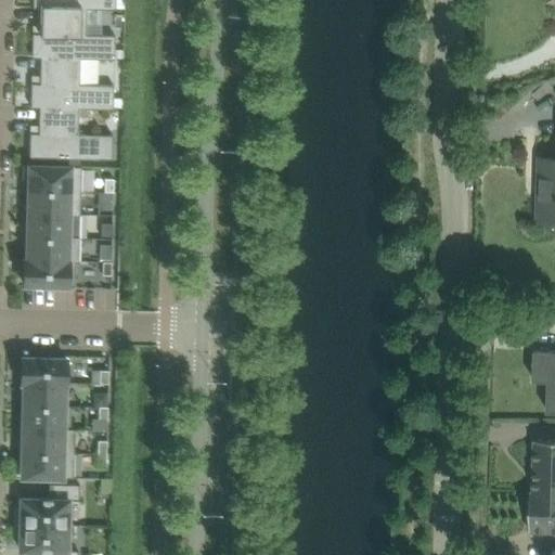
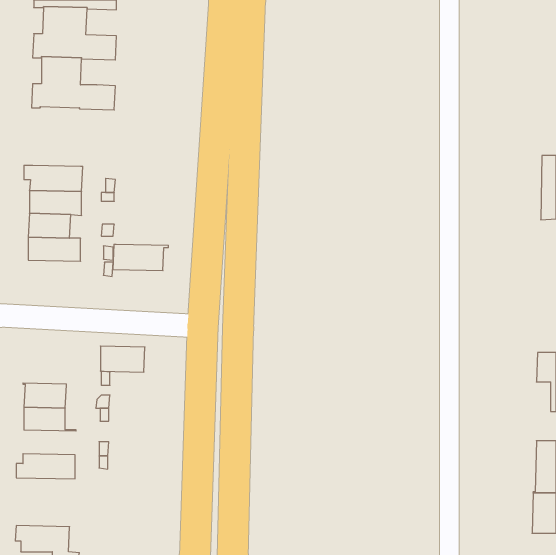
building: [30,107,114,167] -> none
building: [25,260,80,286] -> [113,244,168,271]
building: [23,358,67,384] -> [100,346,145,372]
building: [23,429,76,454] -> none
building: [16,485,80,526] -> none

